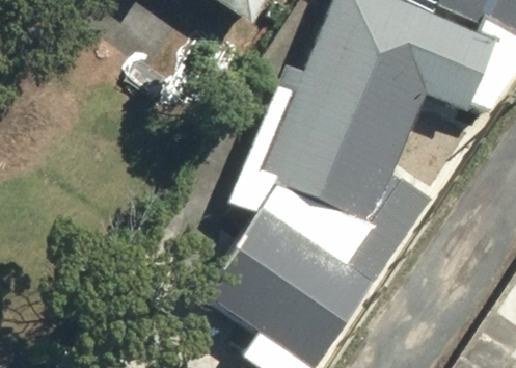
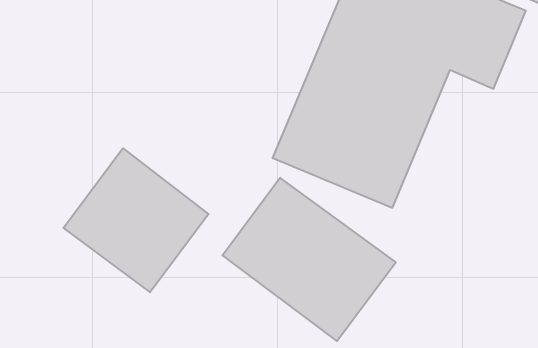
building: none -> [63,148,209,292]

